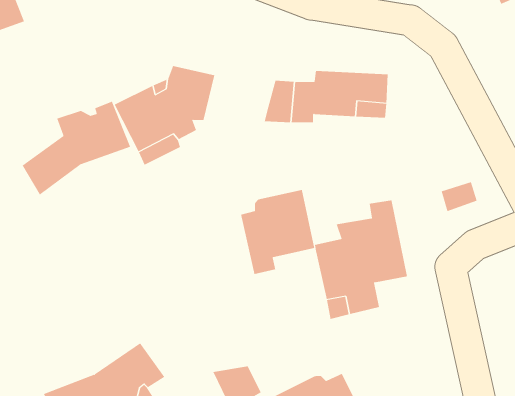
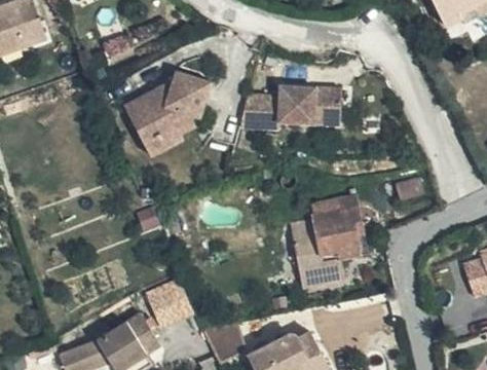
building: [22,101,131,196] -> none
building: [241,189,315,275] -> none
building: none -> [147,270,193,320]

